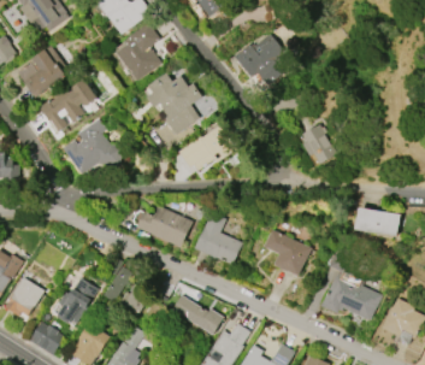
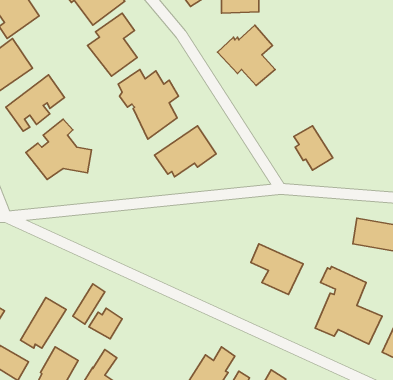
building: [136,206,191,247] -> none
building: [195,212,242,265] -> none
building: [172,295,223,335] -> none

